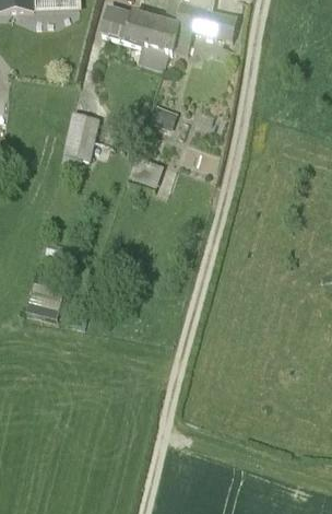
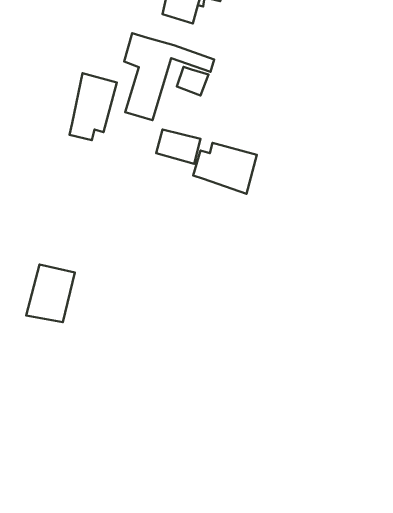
building: none -> [124,33,214,120]
building: none -> [193,143,257,194]

